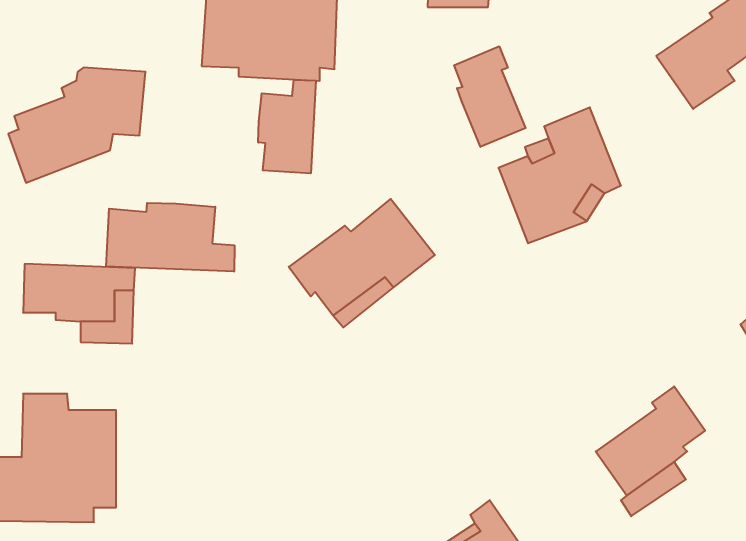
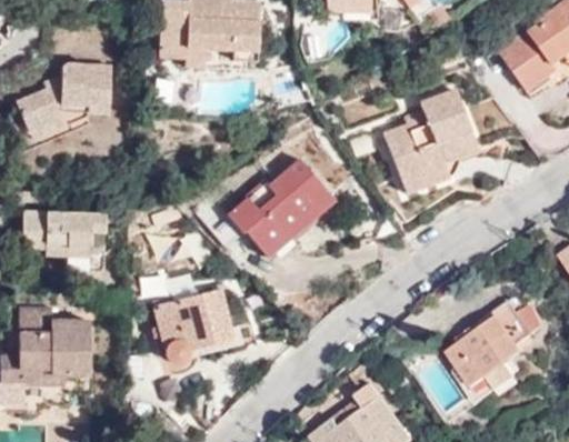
building: [454,46,526,147] -> none
building: [258,80,316,173] -> none
building: [106,203,234,272] -> none
building: none -> [156,291,233,365]

